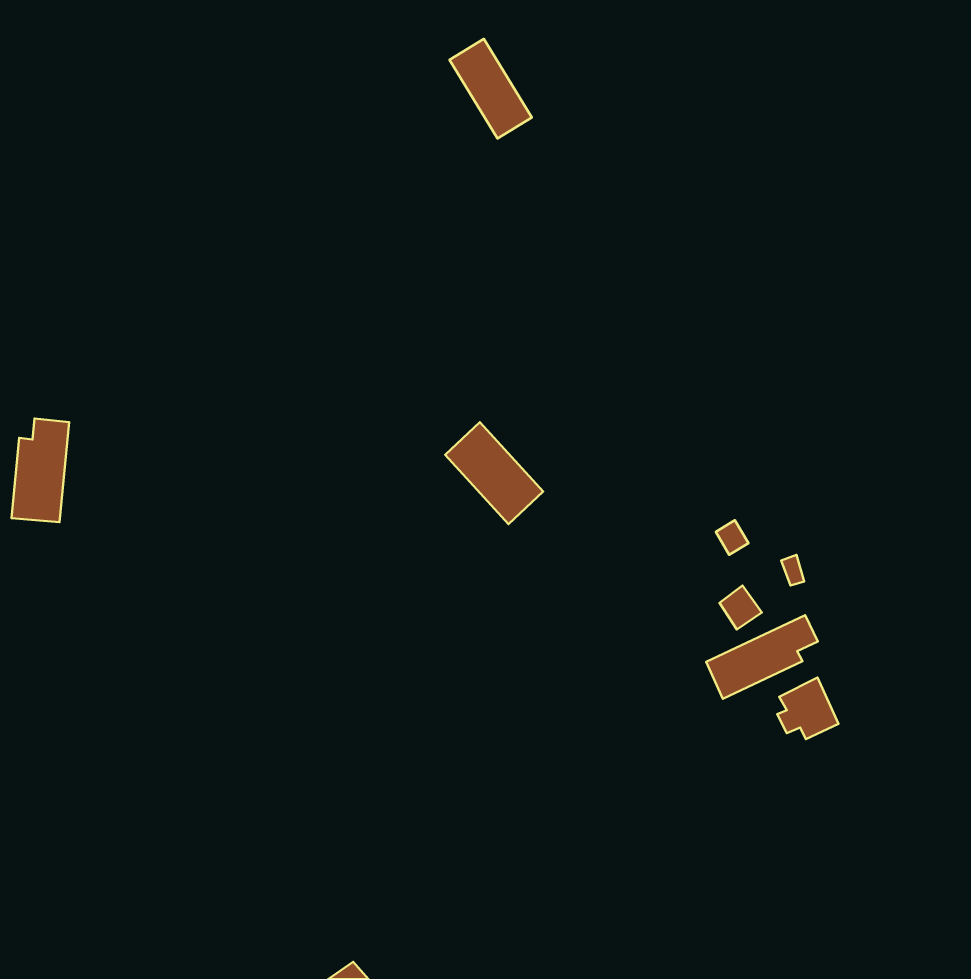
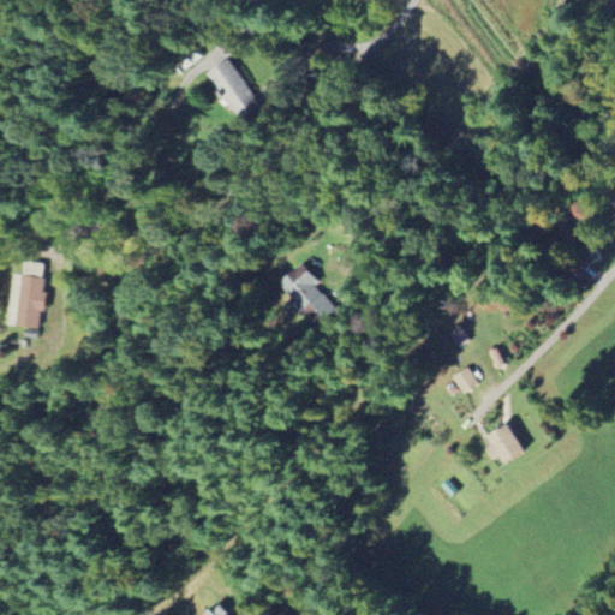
building: [449,39,532,138] -> [208,59,259,121]
building: [706,615,818,699] -> none

